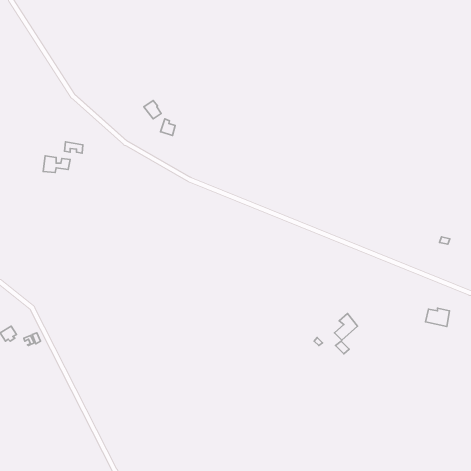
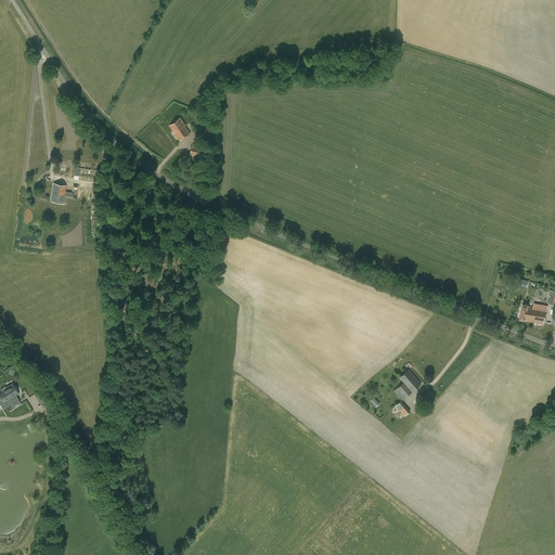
building: [426,308,450,327] -> [519,302,547,324]

